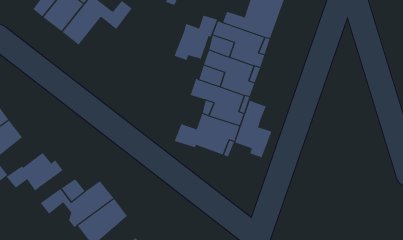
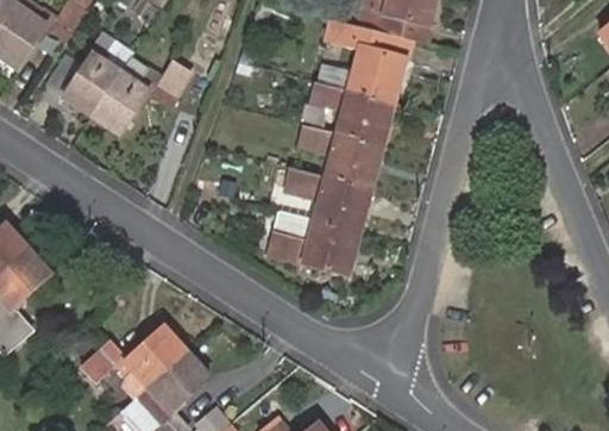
building: [174,15,218,61] -> none
building: [235,100,272,158] -> none
building: [6,152,63,191] -> none

